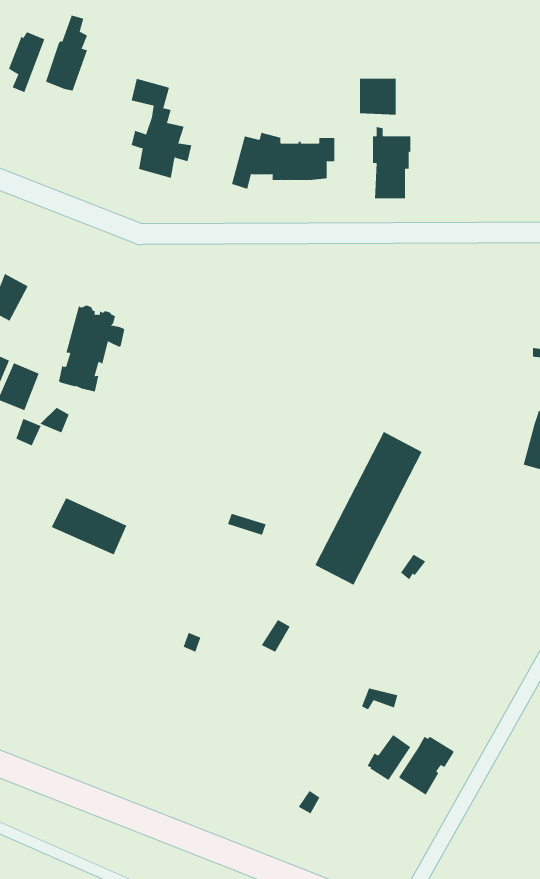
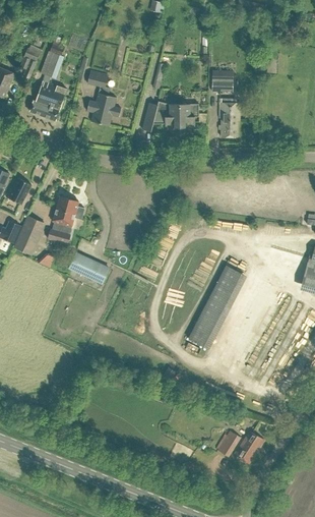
building: none -> [29,80,67,121]
building: [51,497,127,555] -> [68,252,110,284]

